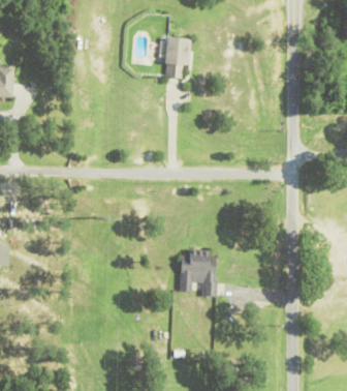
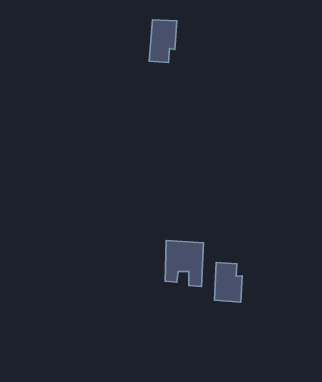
building: none -> [214,262,242,302]

